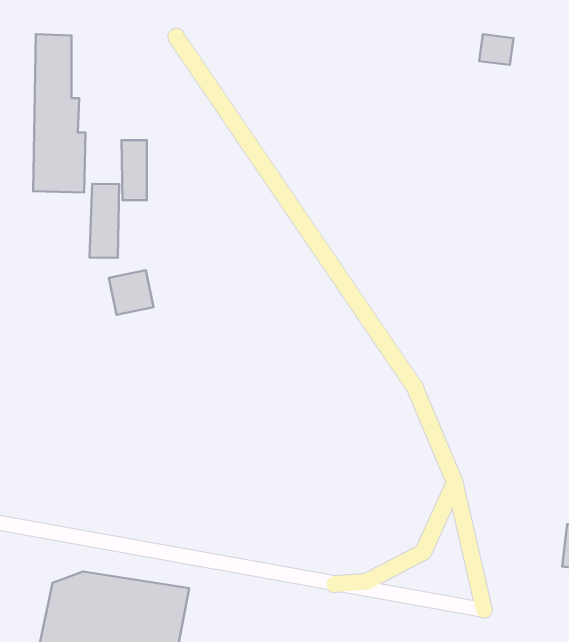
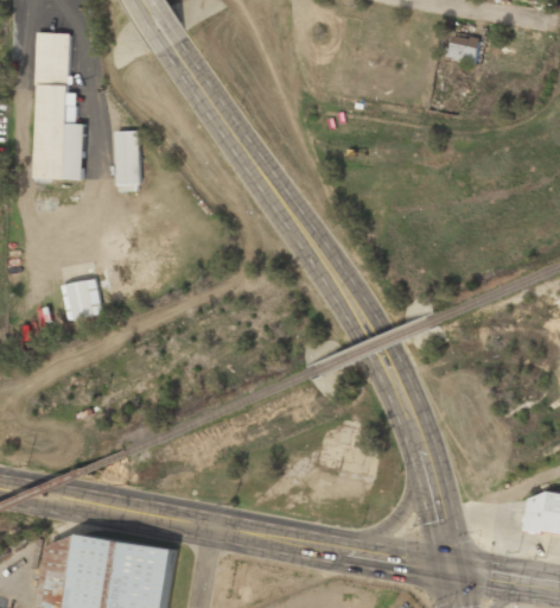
building: [89,184,119,258] -> none
building: [109,270,154,315] -> [62,279,103,321]

